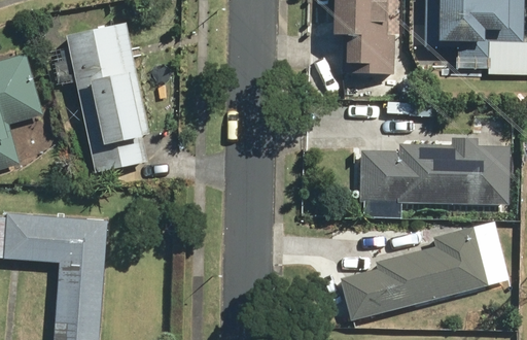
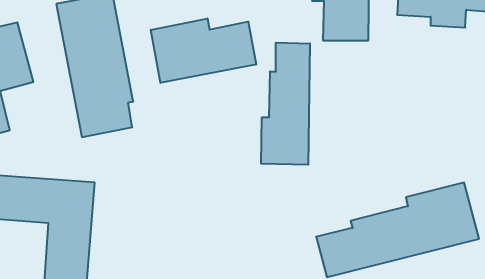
building: none -> [151,18,256,83]
building: none -> [261,43,310,165]
building: [360,138,508,204] -> none

